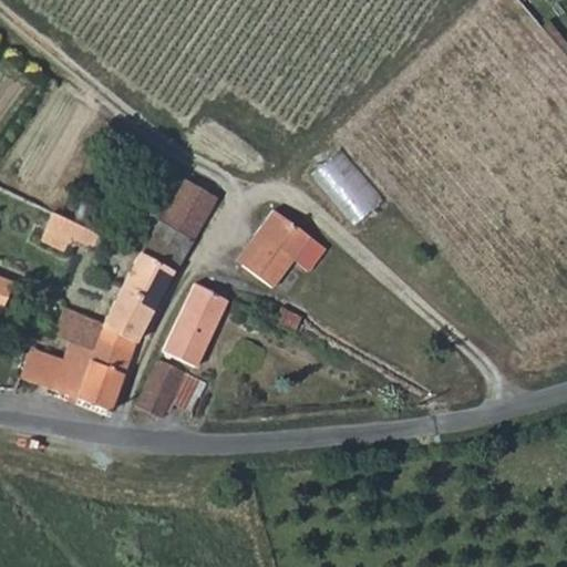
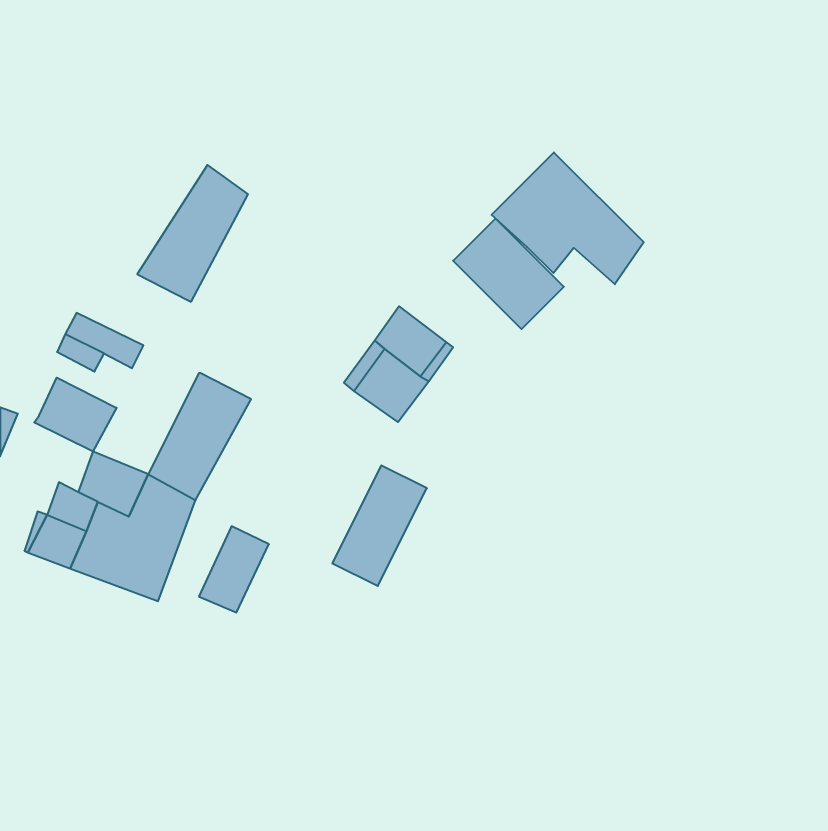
building: none -> [492,152,644,284]
building: [140,181,215,274] -> [137,165,248,302]
building: none -> [34,378,117,451]
building: [164,284,228,365] -> [332,465,427,586]

